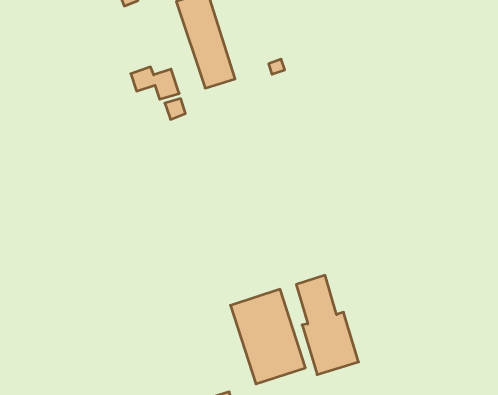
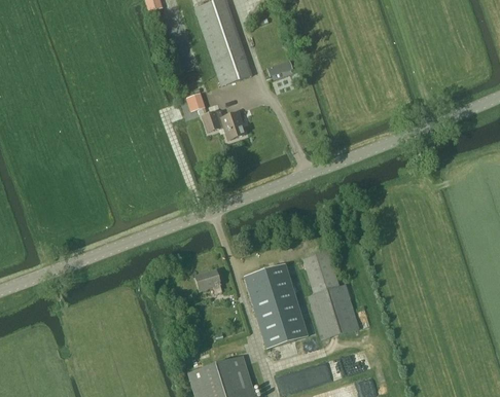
building: [131,67,179,99] -> [202,109,245,138]
building: none -> [194,268,221,292]

